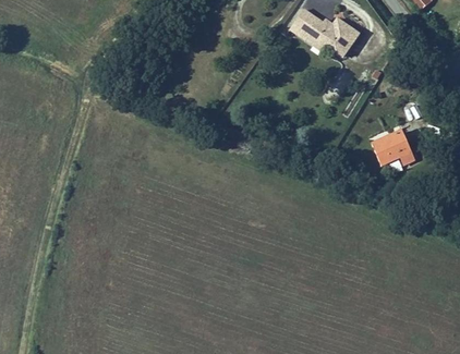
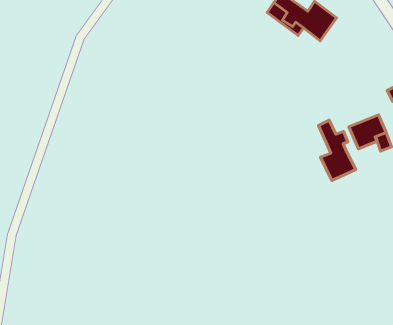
building: none -> [319,120,356,181]

